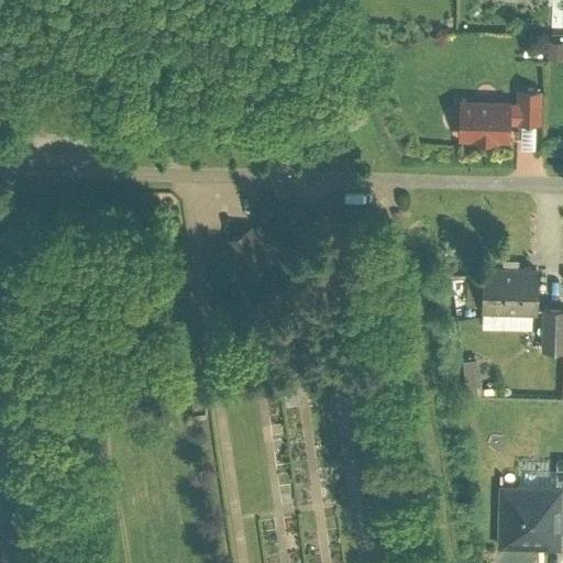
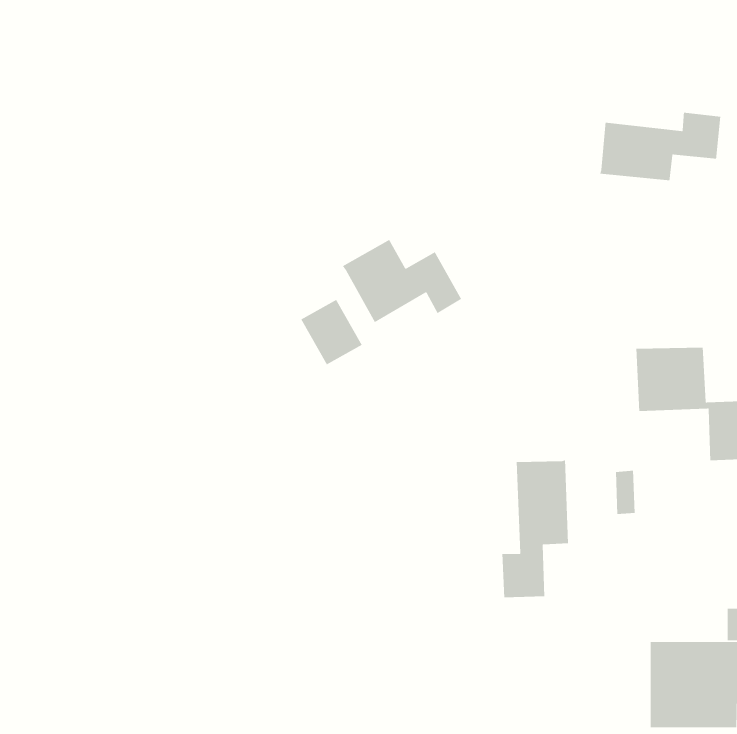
building: none -> [342,239,462,323]
building: none -> [502,459,569,598]

